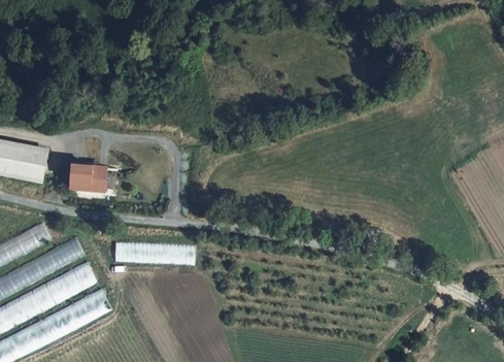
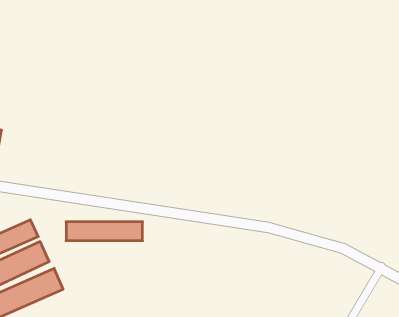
building: [67,164,105,199] -> none

